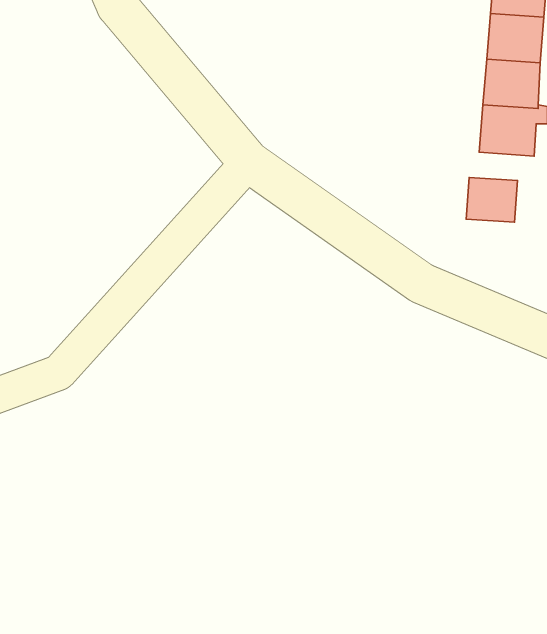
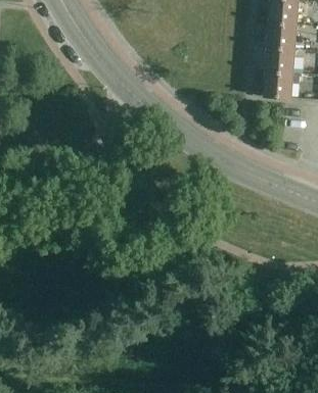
building: [466,178,517,222] -> none

